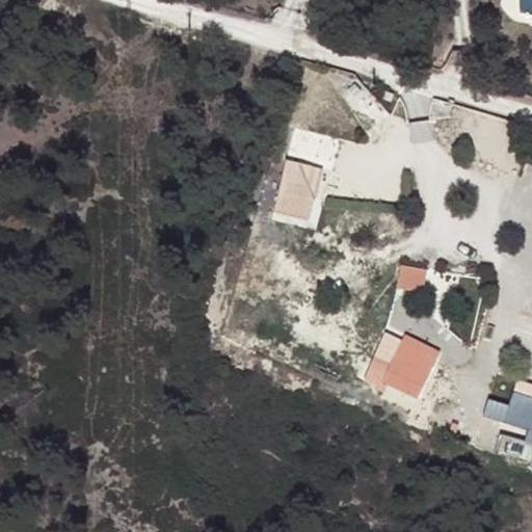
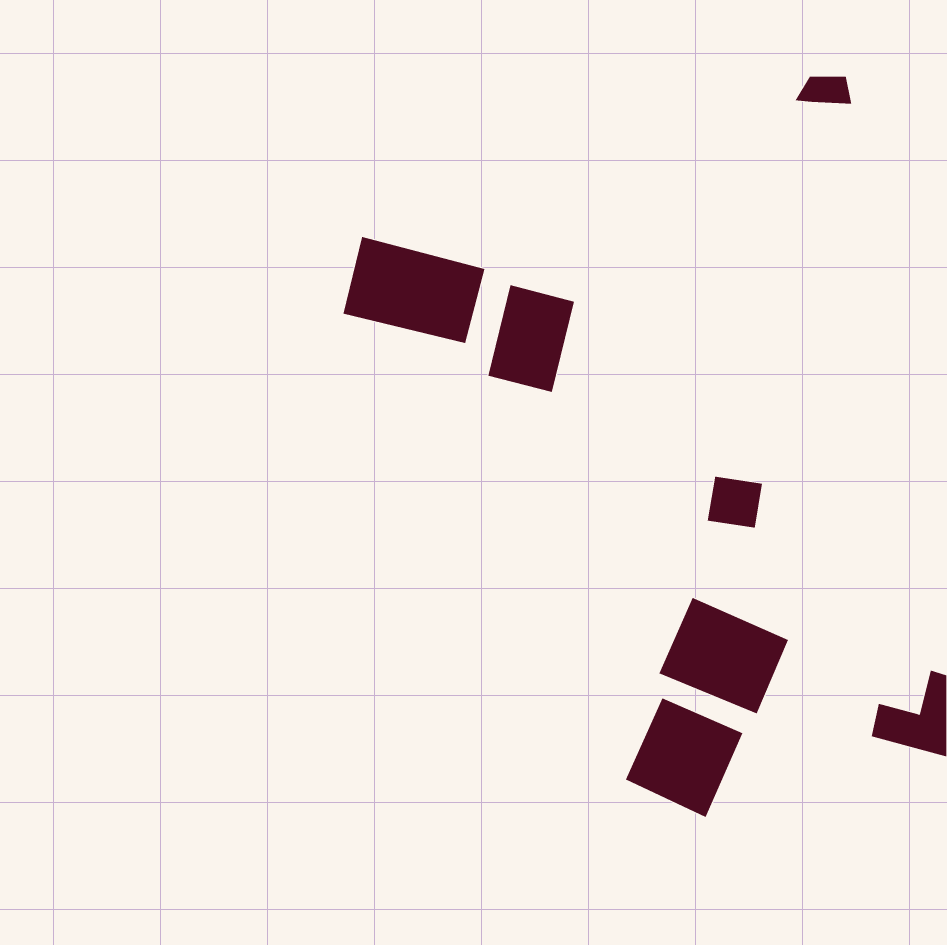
building: none -> [343,236,485,344]
building: none -> [625,697,743,818]

